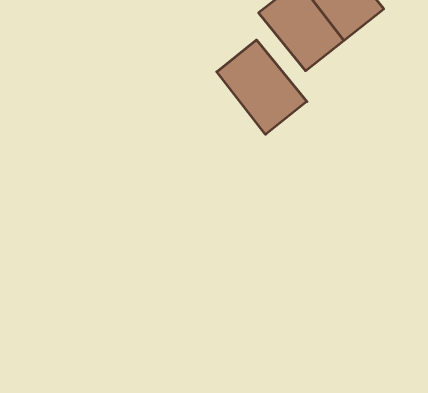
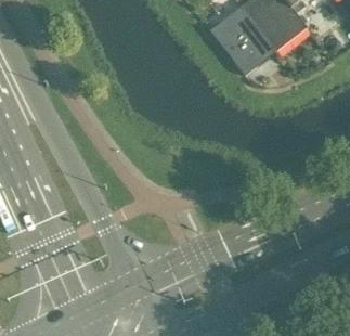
building: [217,40,307,134] -> none

